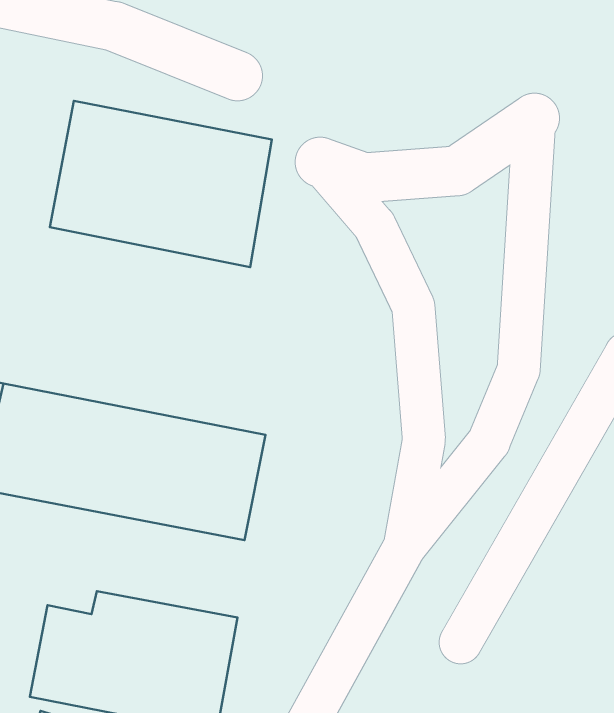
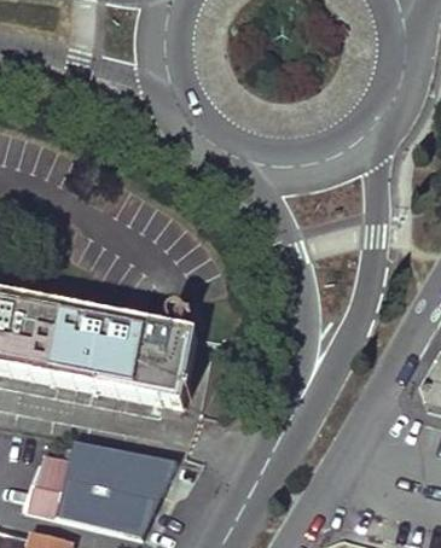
building: [50,101,272,267] -> none

